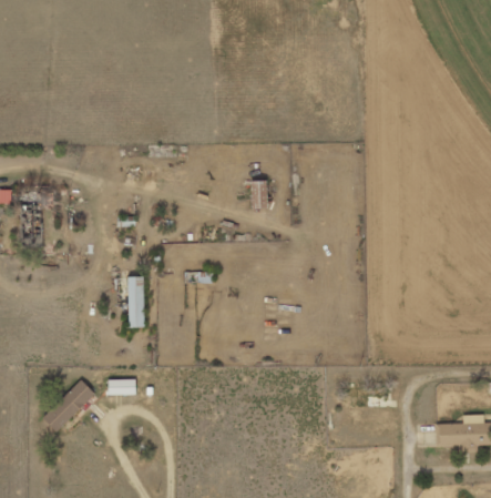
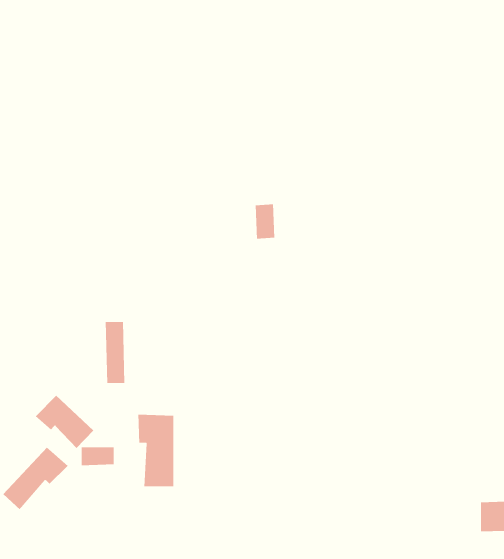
building: none -> [35,395,94,449]
building: none -> [138,414,174,487]

